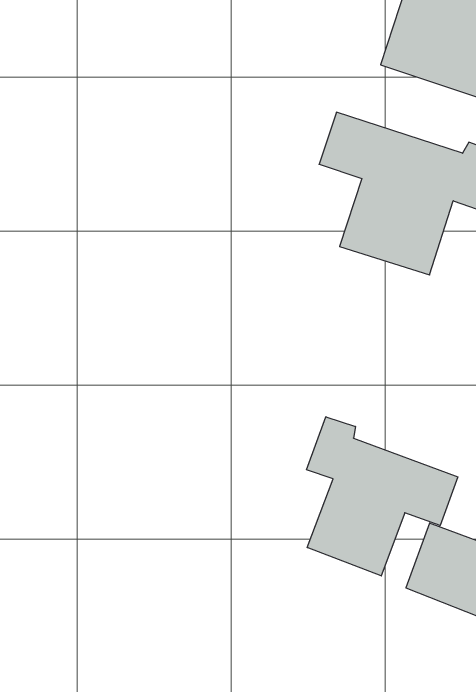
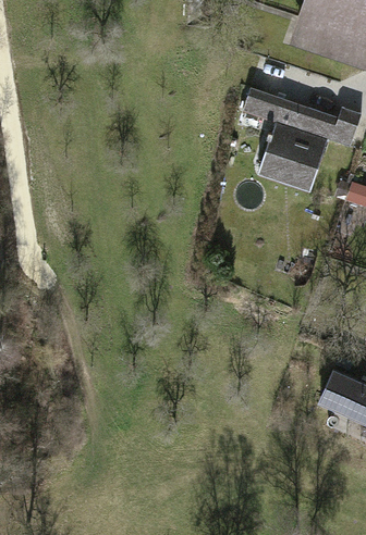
building: [307,417,458,576] -> none

